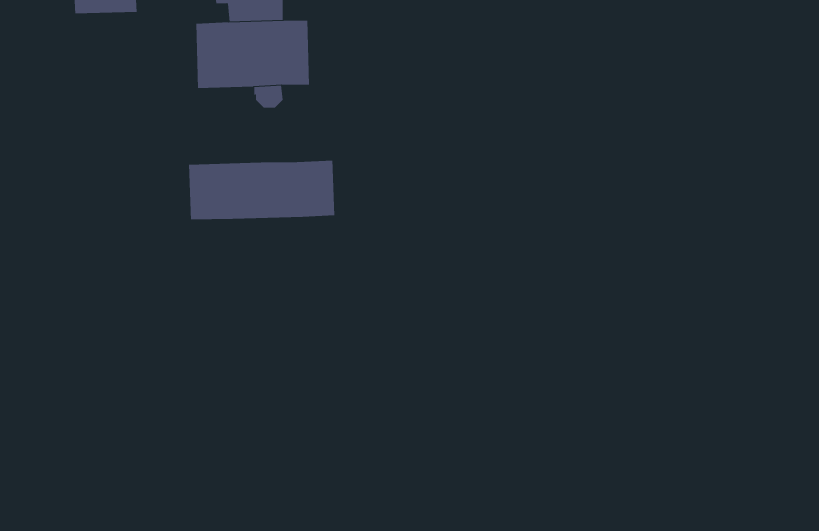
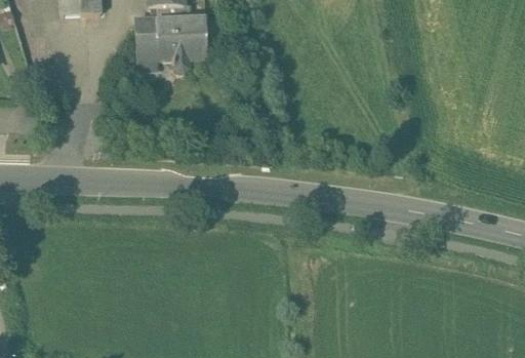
building: [188,160,335,220] -> none

